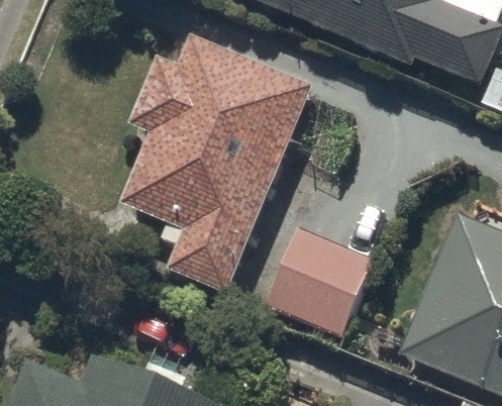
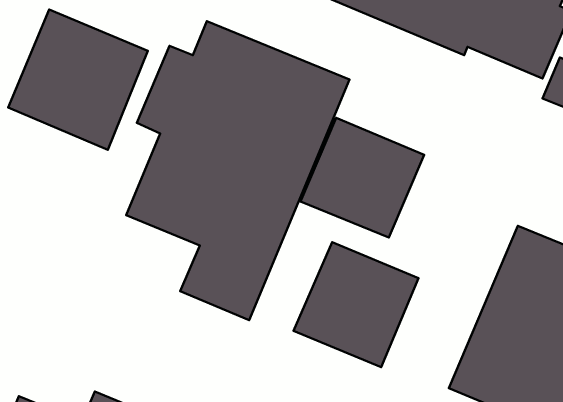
building: none -> [8,9,148,150]
building: none -> [300,118,424,238]

